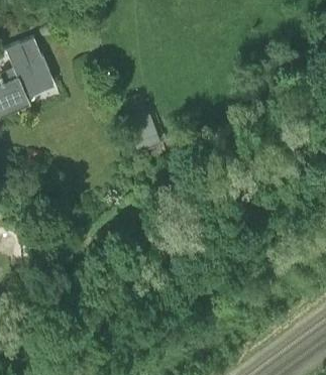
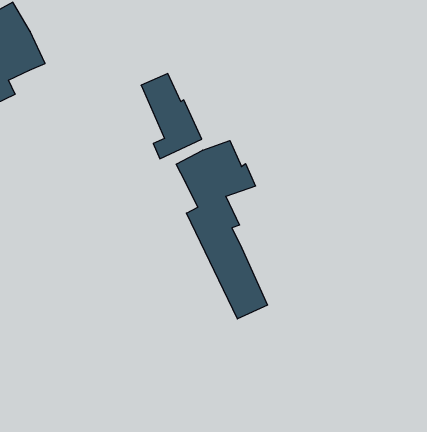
building: none -> [176,141,267,319]

